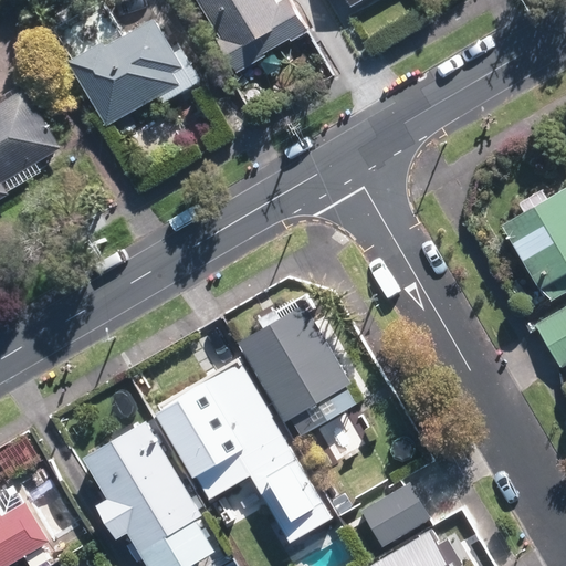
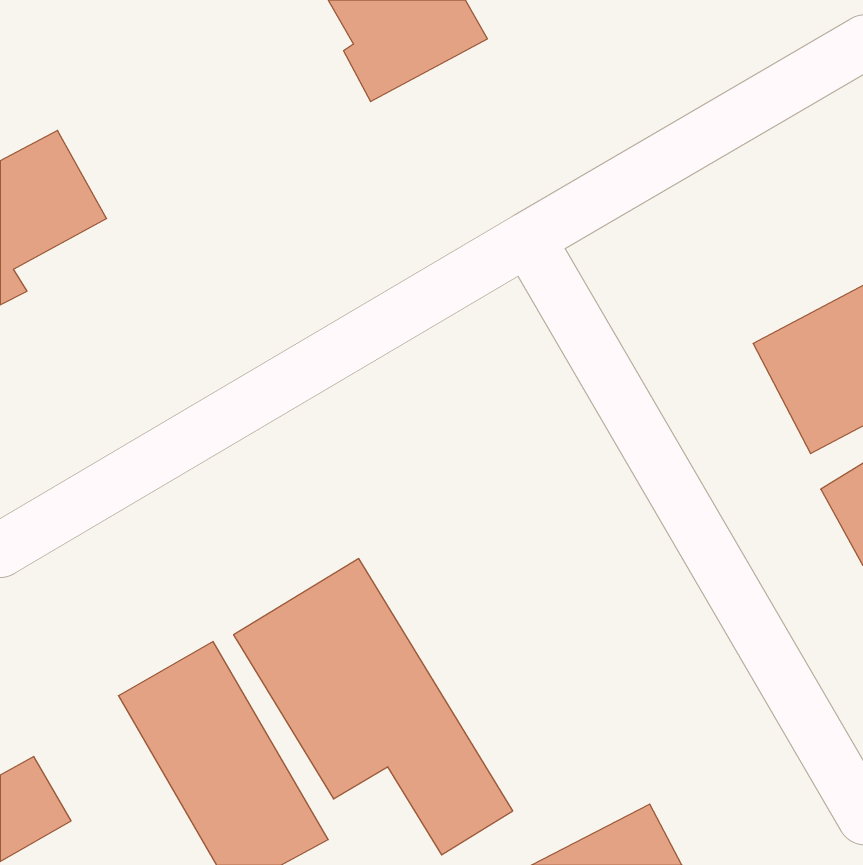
building: [82,14,192,119] -> none
building: [235,297,359,434] -> none
building: [349,483,421,546] -> none

